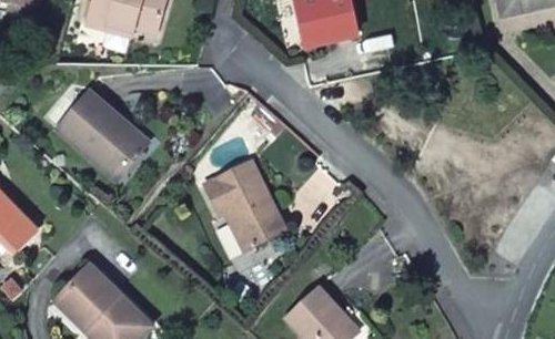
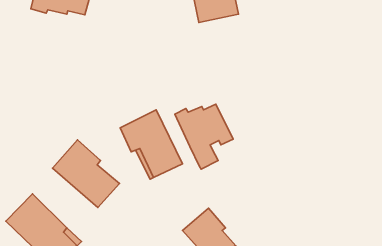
building: [57,90,143,177] -> [52,140,119,208]
building: none -> [175,104,233,169]

